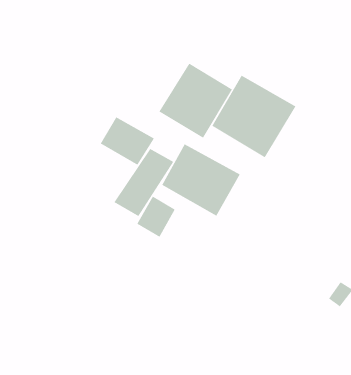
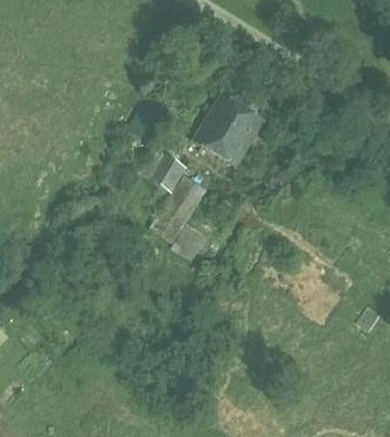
building: [211,75,296,158] -> none
building: [162,144,241,216] -> none

